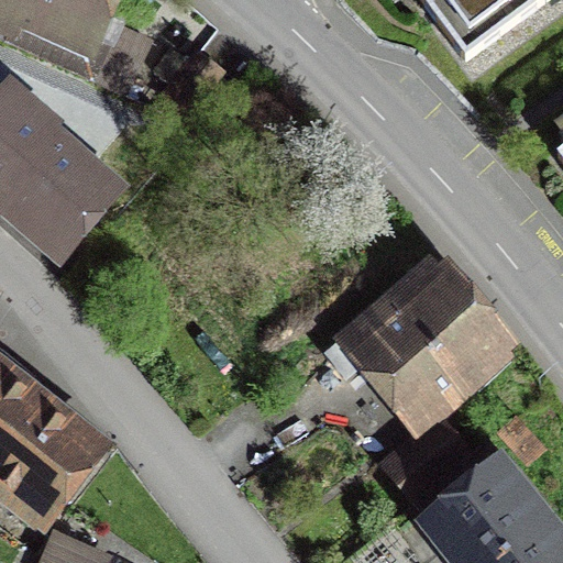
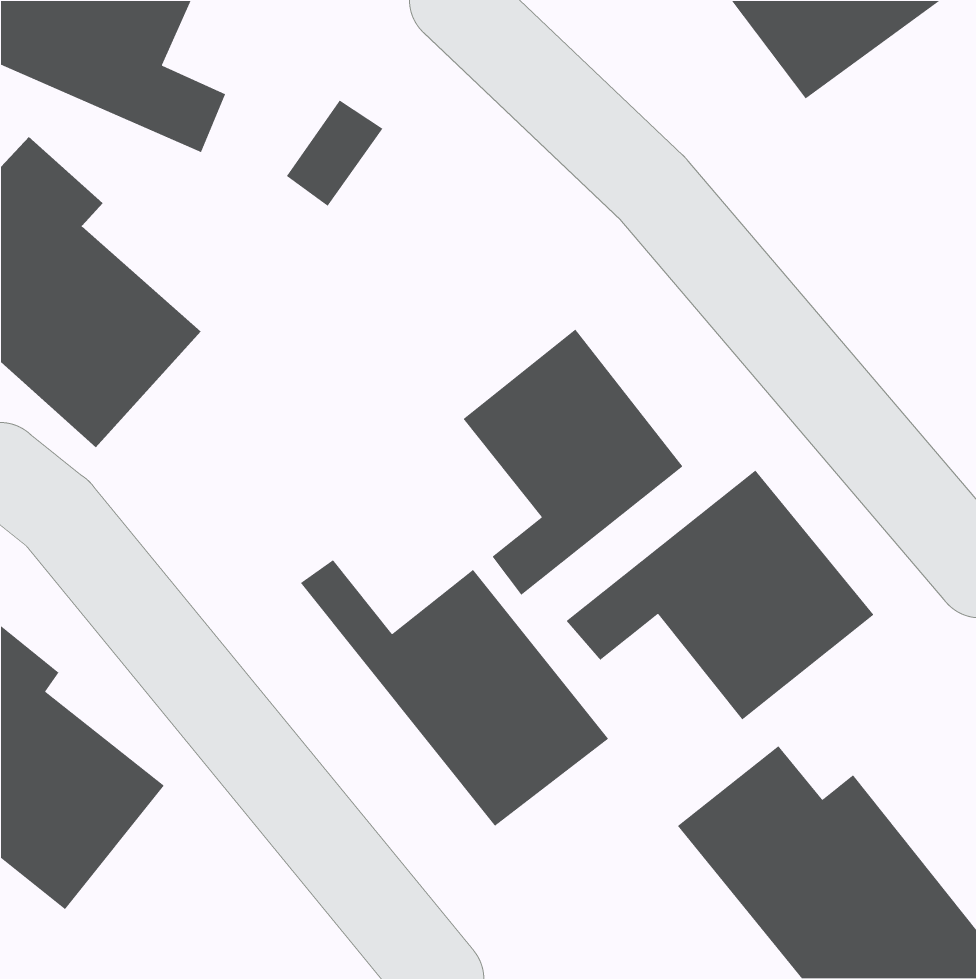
building: none -> [462,329,683,596]
building: none -> [300,559,609,827]

